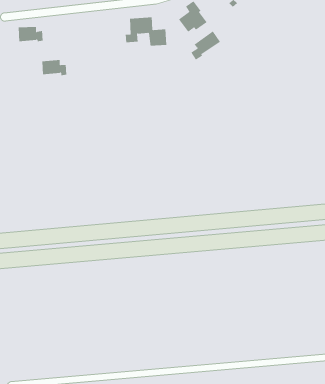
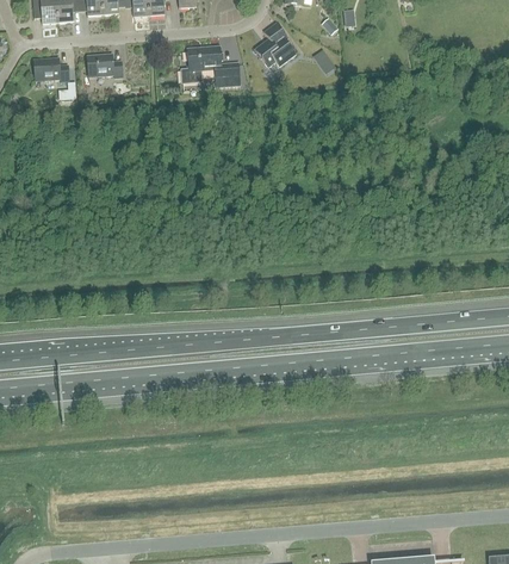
building: [190,31,221,60] -> none
building: [41,59,67,76] -> [86,55,122,78]

